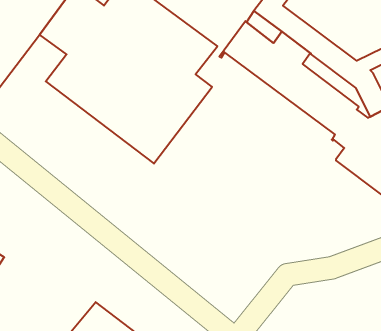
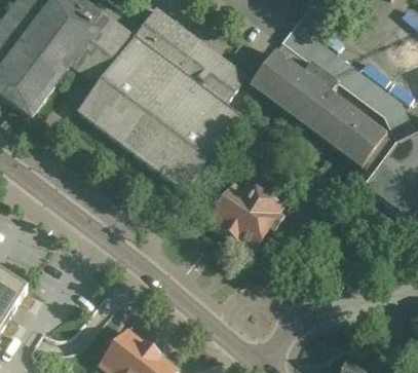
building: none -> [208,186,312,251]

